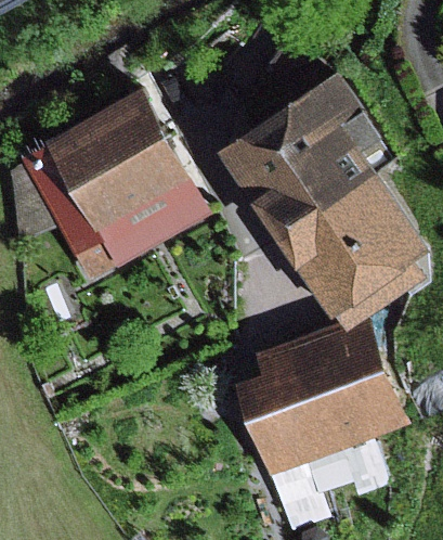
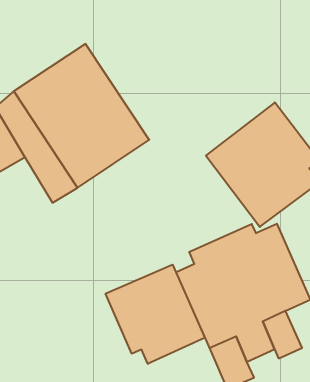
building: [227,75,395,236] -> none
building: none -> [106,265,205,364]

